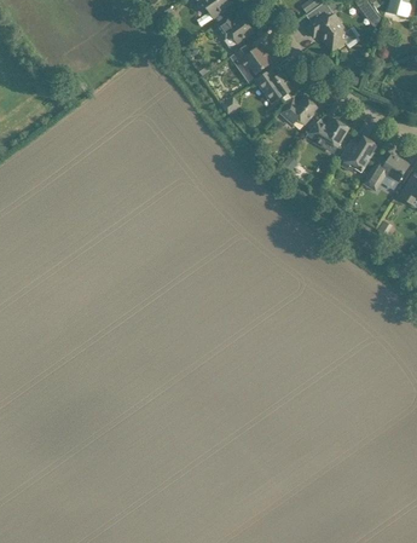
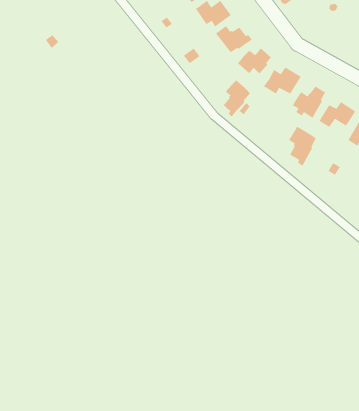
building: none -> [223,79,251,118]
building: none -> [288,125,317,167]

